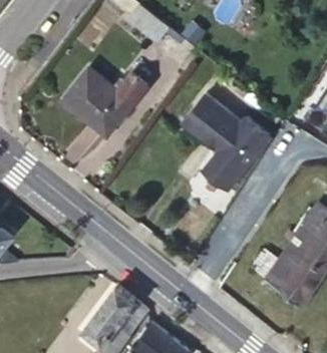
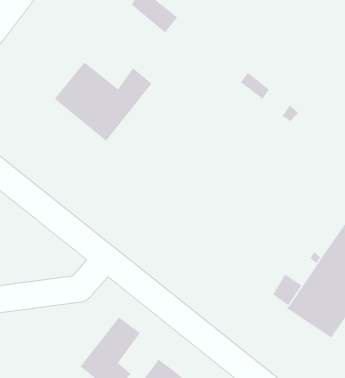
building: [183,94,270,188] -> none

